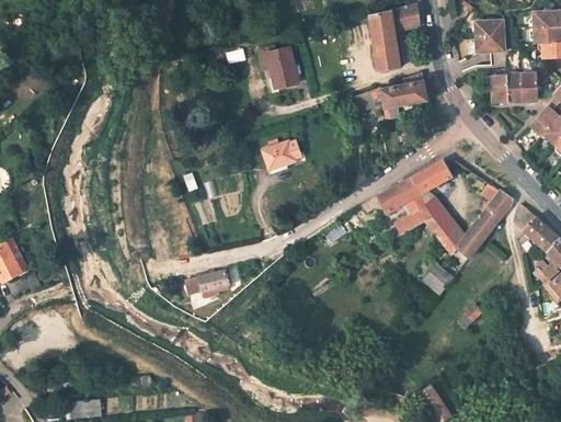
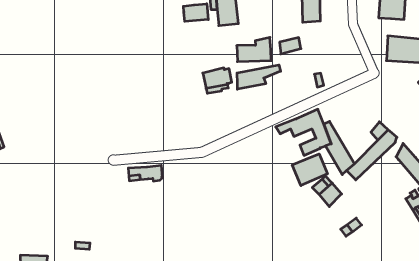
building: none -> [183,4,208,21]
building: [381,72,426,107] -> [237,37,271,62]
building: none -> [237,65,281,89]
building: [411,160,453,194] -> none
building: none -> [292,154,327,186]

